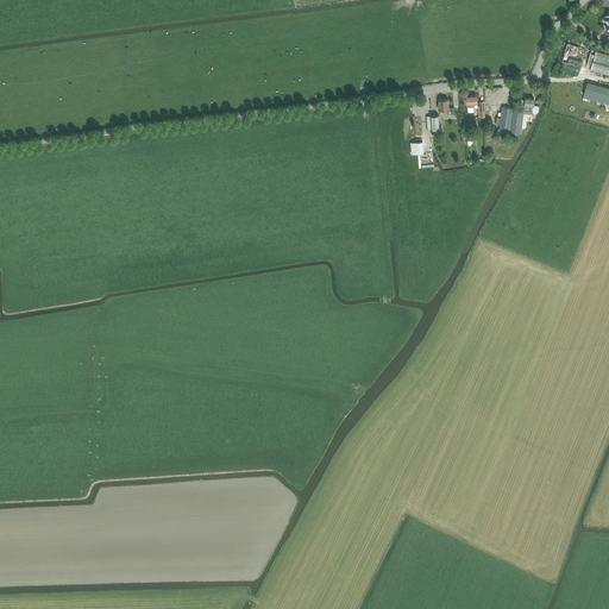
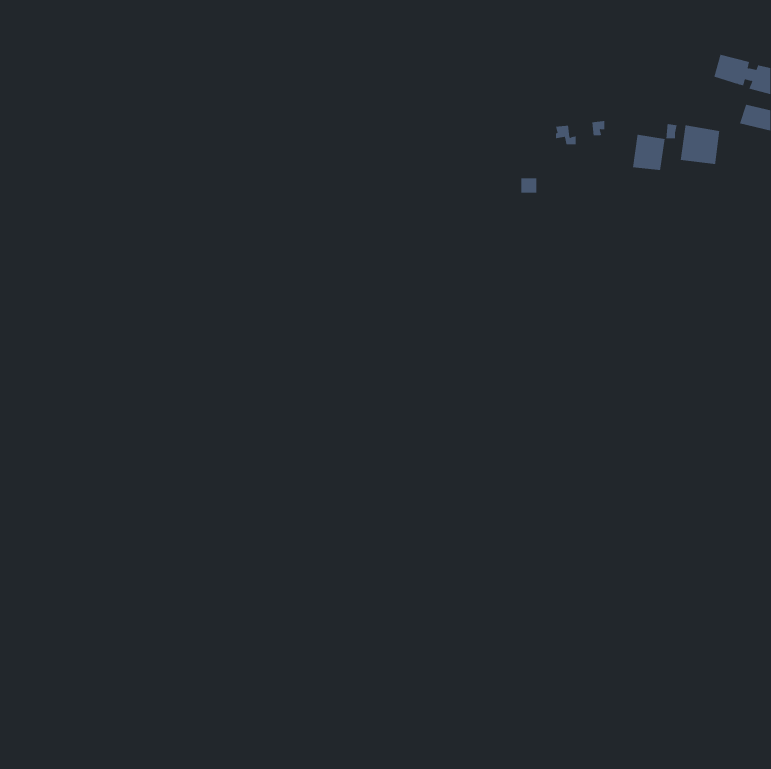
building: none -> [680,125,720,165]

